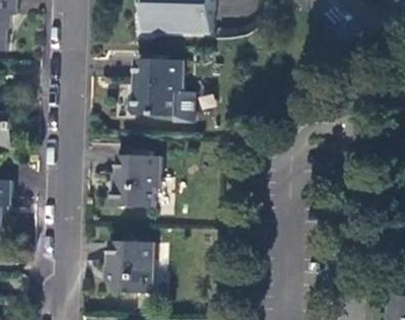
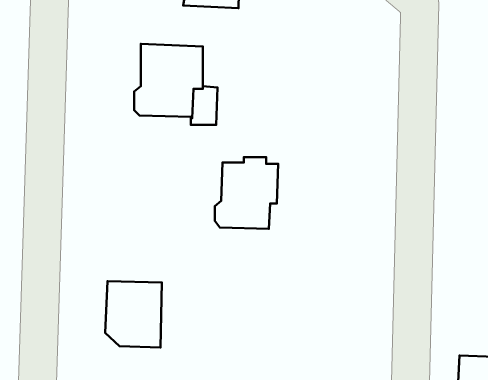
building: [112,151,160,206] -> [215,157,278,229]

